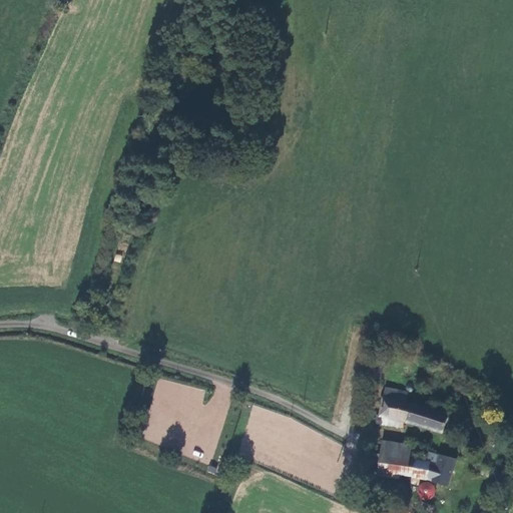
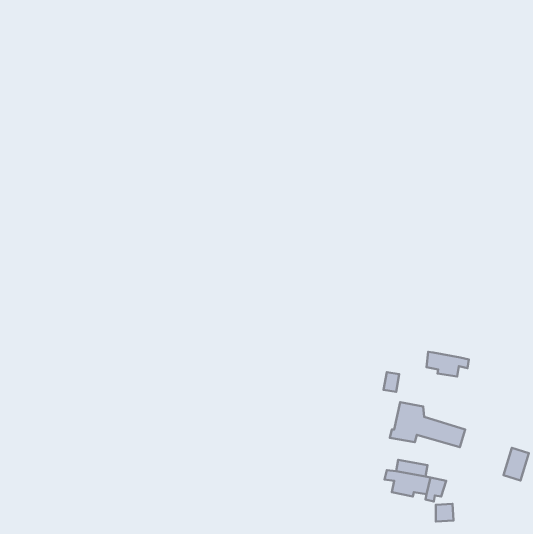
building: none -> [427,352,469,377]
building: [431,453,455,484] -> [504,448,529,480]

